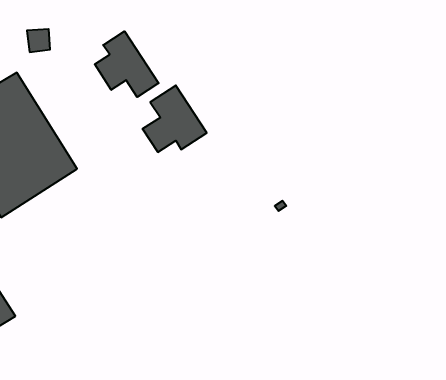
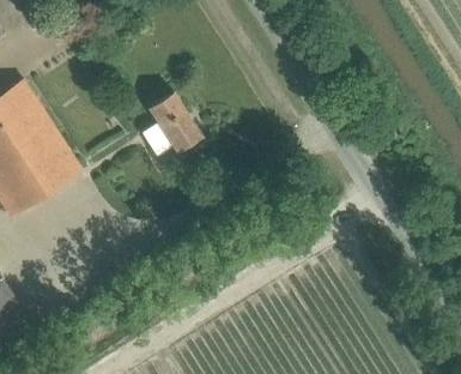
building: [95,31,159,97] -> none

